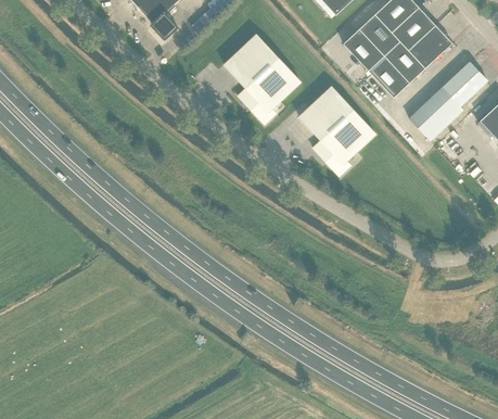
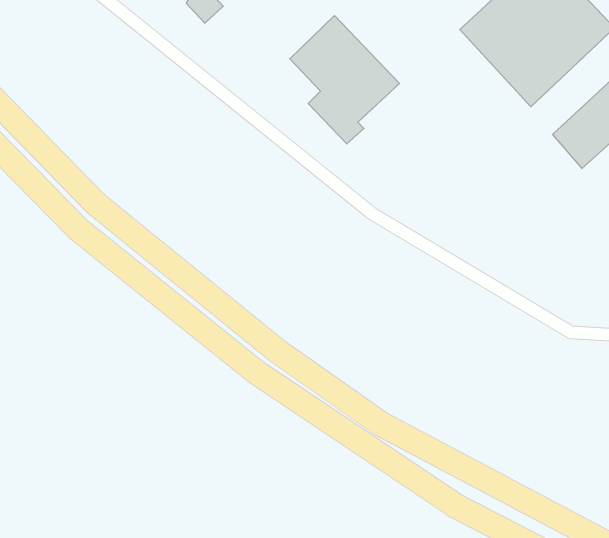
building: [298,85,375,175] -> none

